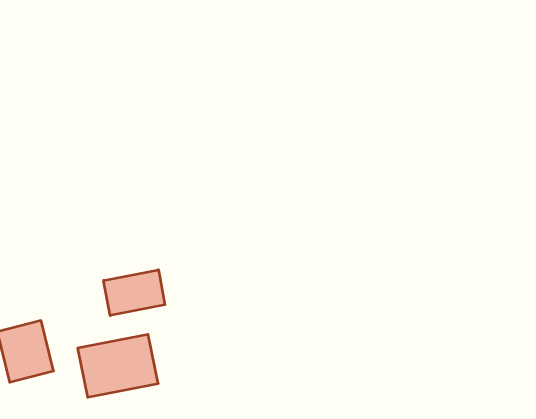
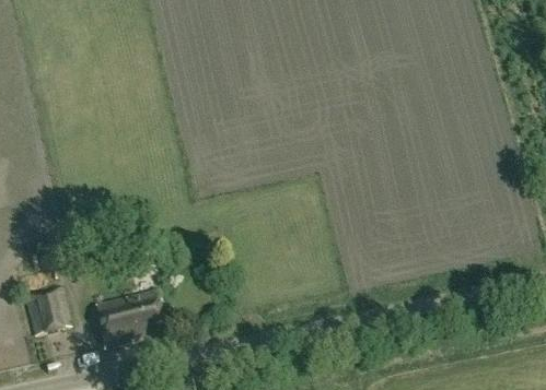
building: [104,270,165,316] -> none

